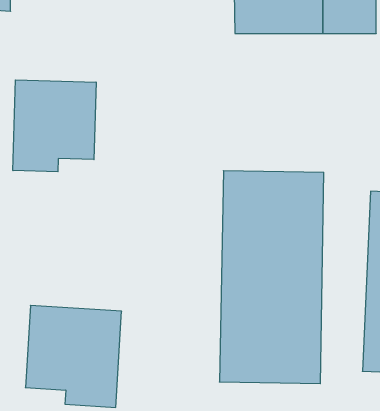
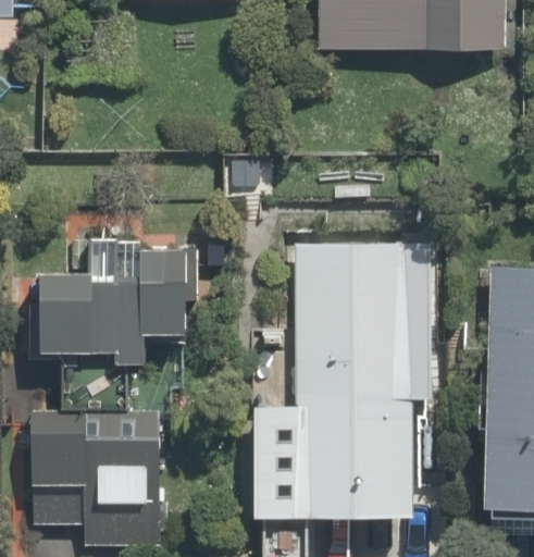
building: [13,80,96,172] -> none
building: none -> [35,265,185,363]

